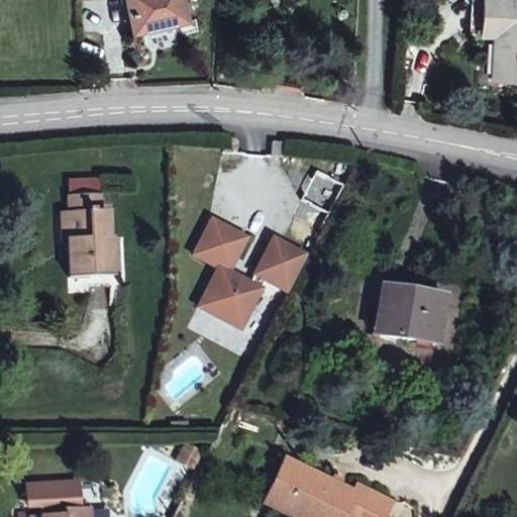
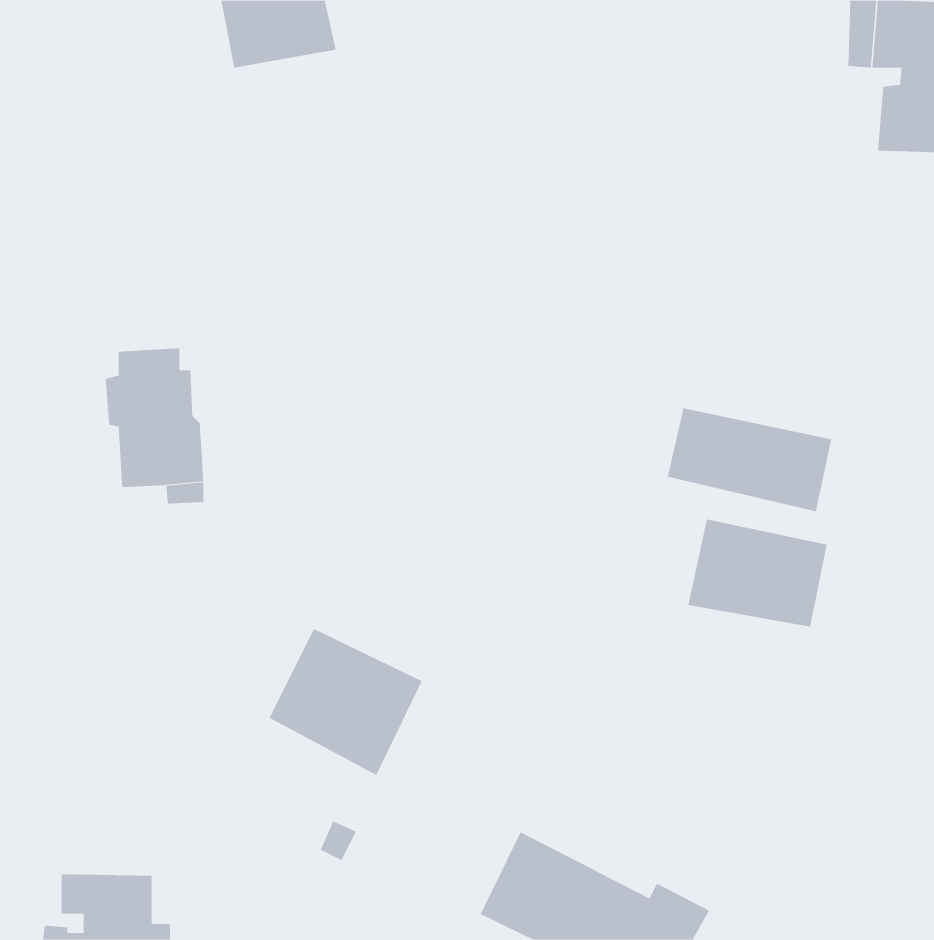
building: [195,215,309,323] -> none
building: none -> [667,407,832,512]
building: none -> [269,628,422,776]

